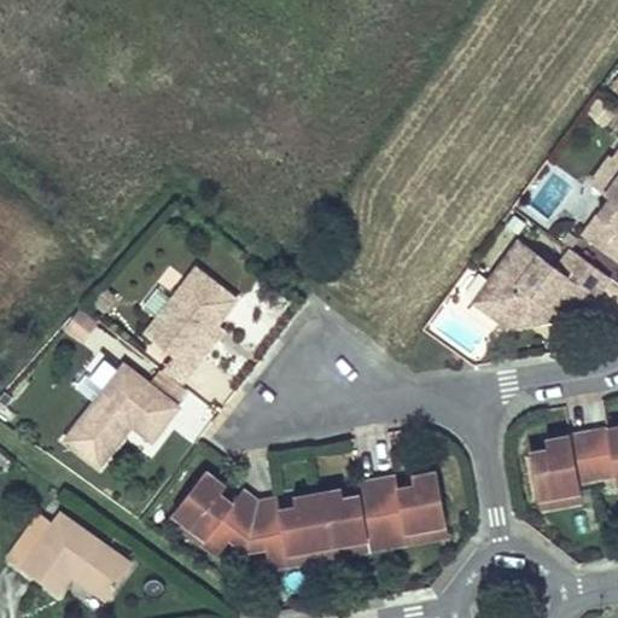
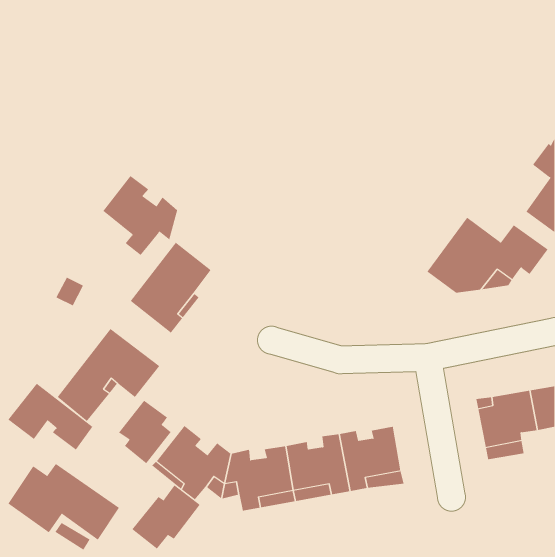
building: none -> [102,175,178,256]
building: none -> [8,383,93,450]
building: none -> [118,400,172,464]
building: none -> [132,484,201,549]

